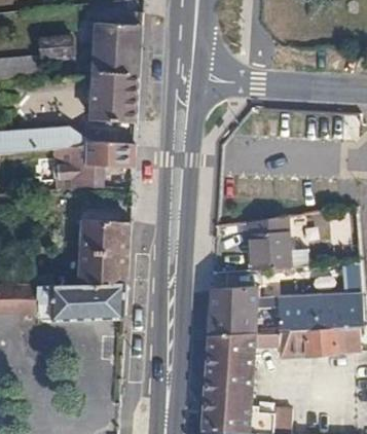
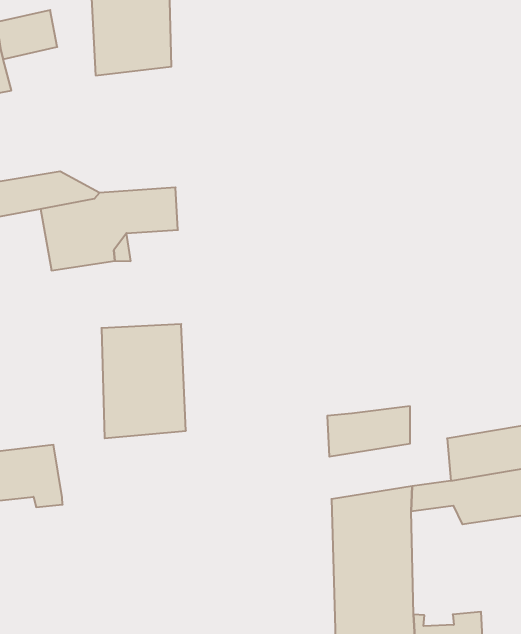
building: [89,74,138,122] -> none
building: [249,213,306,266] -> none
building: [49,285,126,320] -> none
building: [207,304,255,332] -> none

